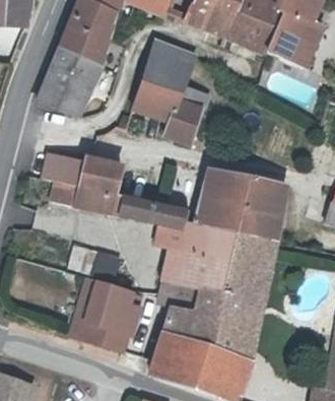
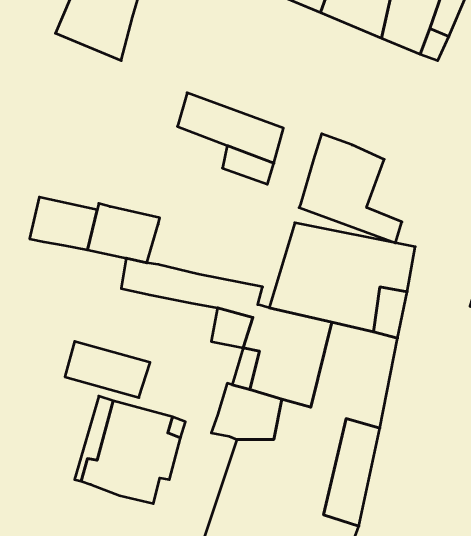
building: [142,40,207,109] -> [299,134,402,243]
building: [37,49,100,115] -> none
building: [51,181,104,210] -> none

